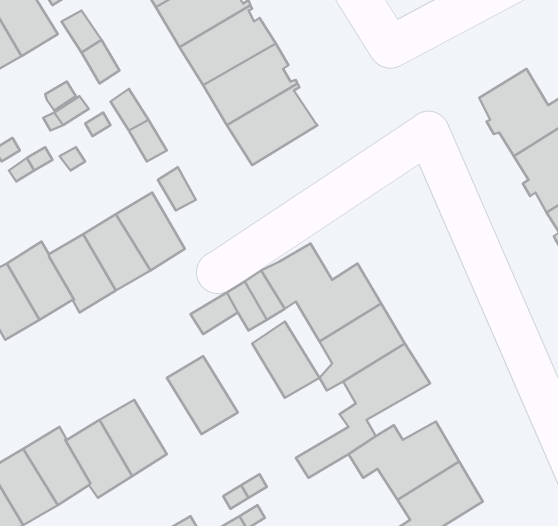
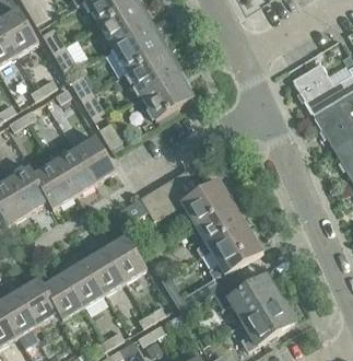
building: [252,322,319,398] -> [84,248,125,294]

